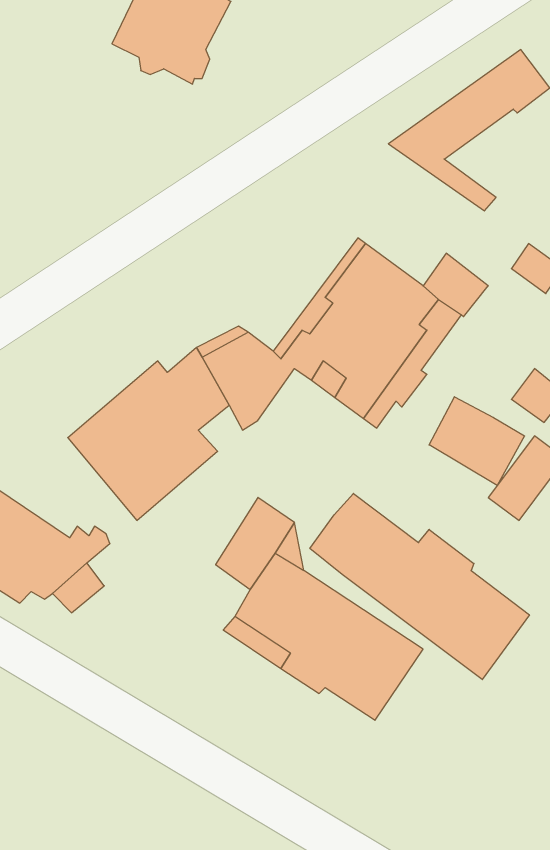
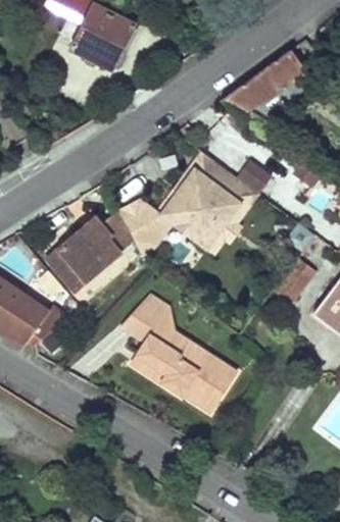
building: [429,397,525,485] -> none
building: [310,493,529,680] -> none

